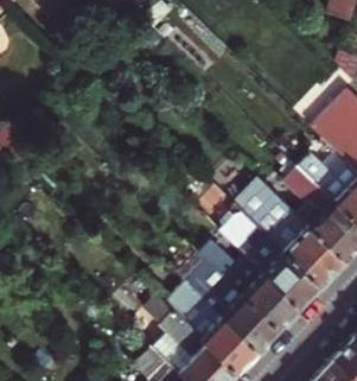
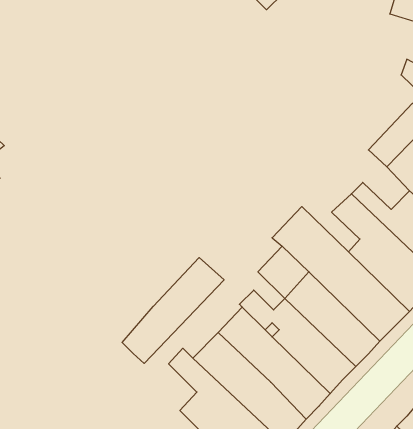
building: none -> [122,258,224,363]

